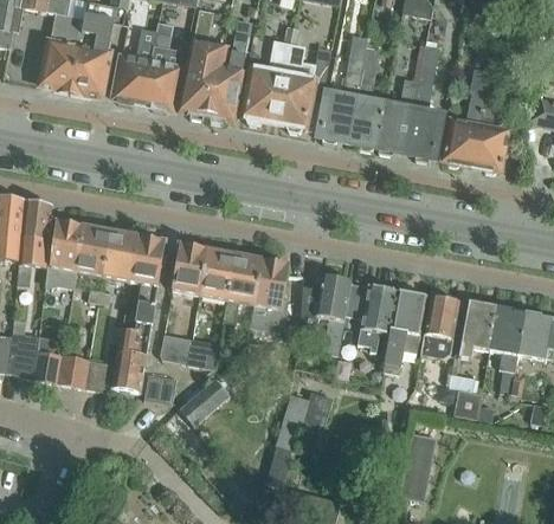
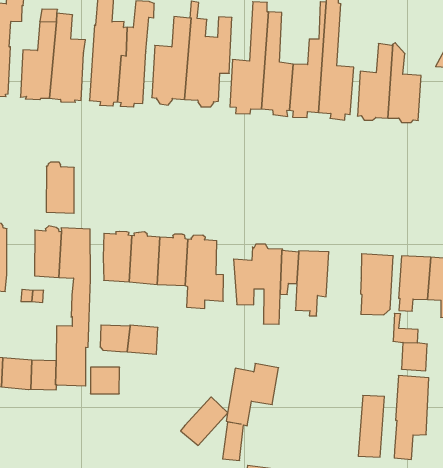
building: [77,224,110,277] -> [46,162,74,213]
building: [382,290,426,374] -> [394,376,429,459]
building: [179,380,227,426] -> [181,397,228,445]

